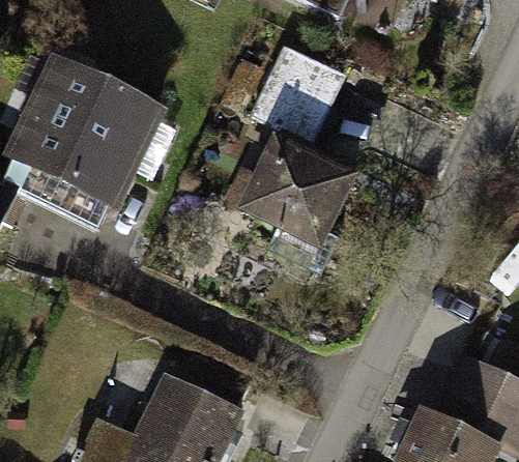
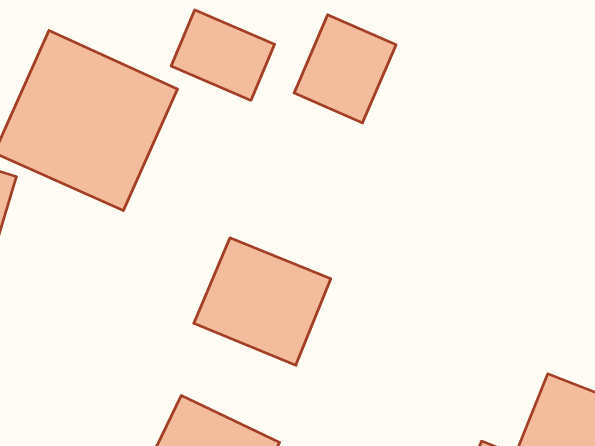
building: none -> [171,10,275,100]
building: [237,139,355,249] -> [194,238,331,365]

